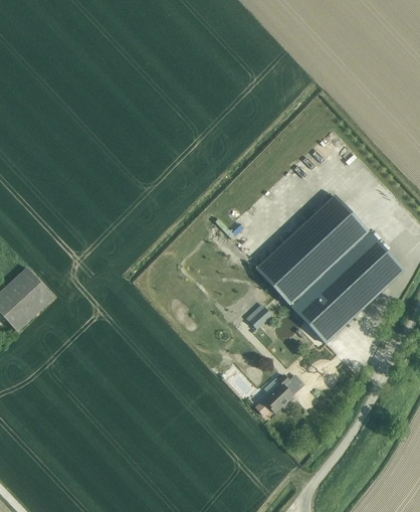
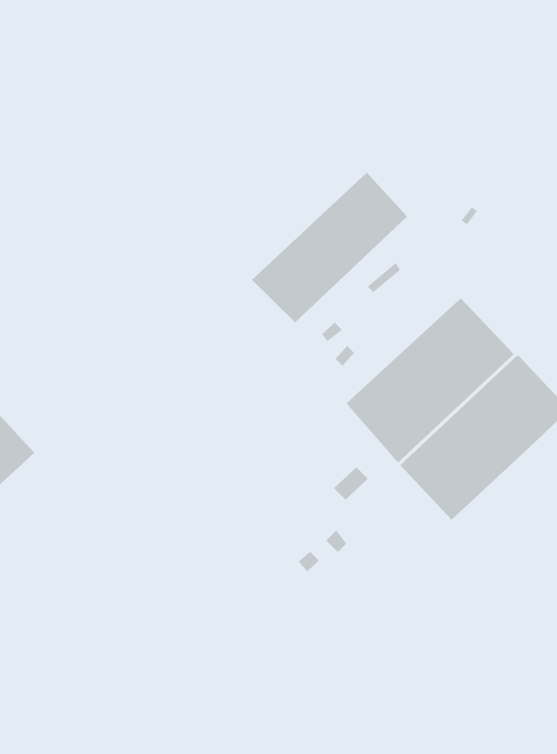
building: none -> [251,172,408,323]
building: [263,374,293,412] -> none

